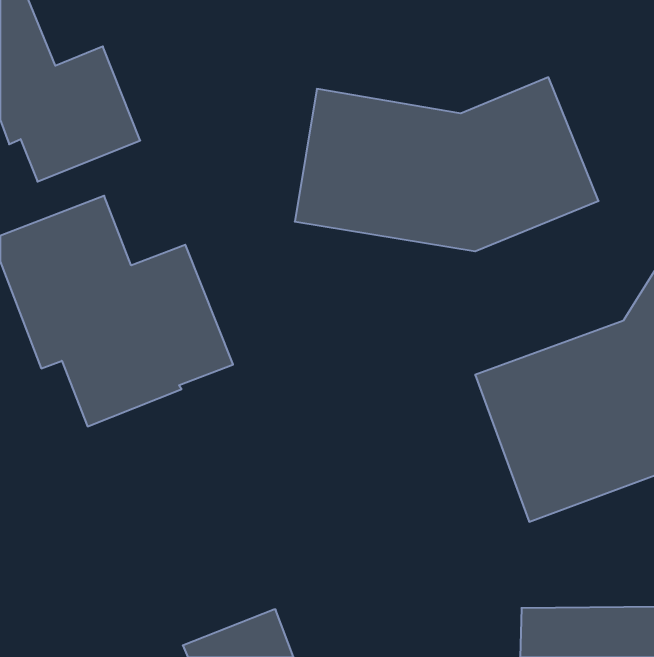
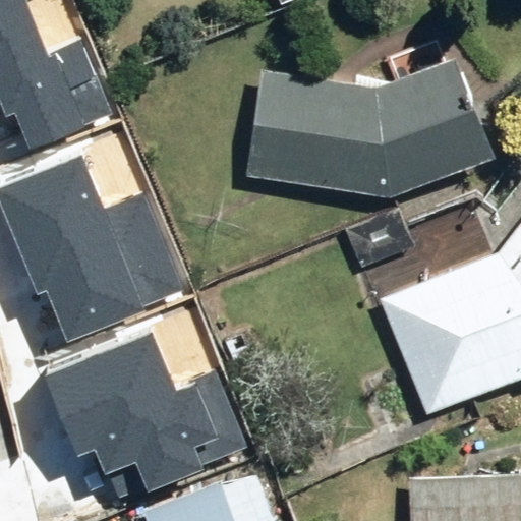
building: none -> [52,334,248,501]

